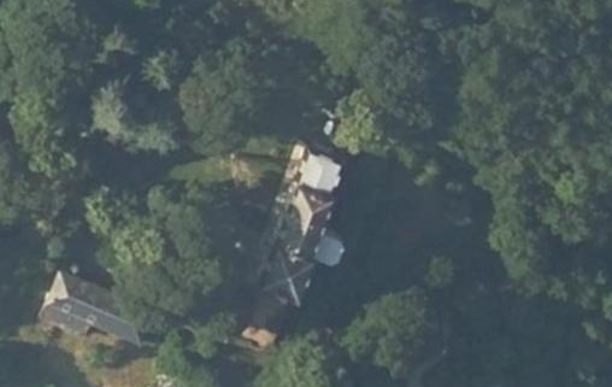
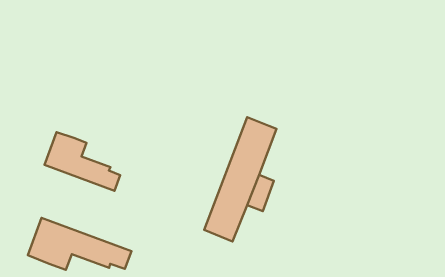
building: none -> [44,132,120,191]

